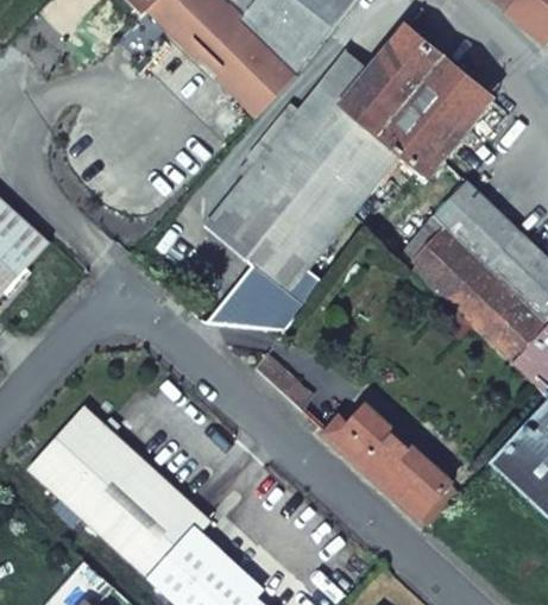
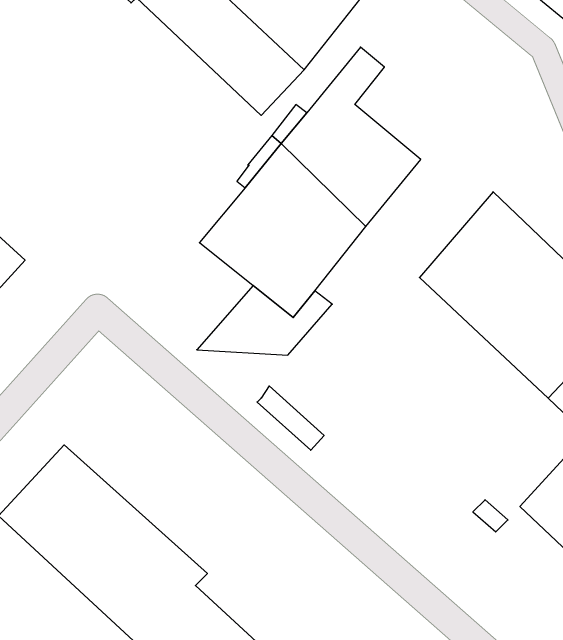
building: [342,24,495,176] -> none
building: [327,405,458,525] -> none

